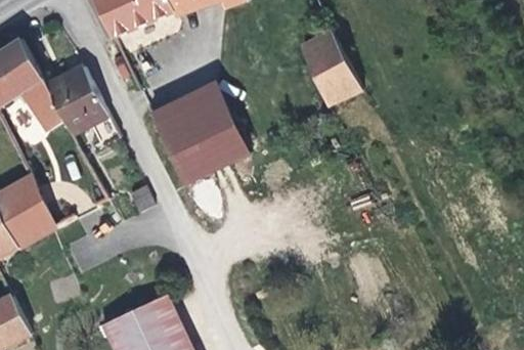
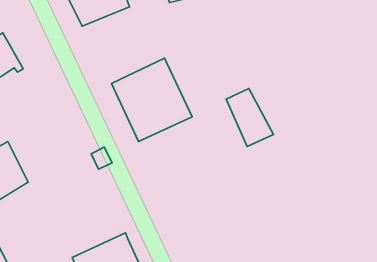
building: [303,28,362,100] -> [226,89,273,147]
building: [41,71,96,136] -> none

